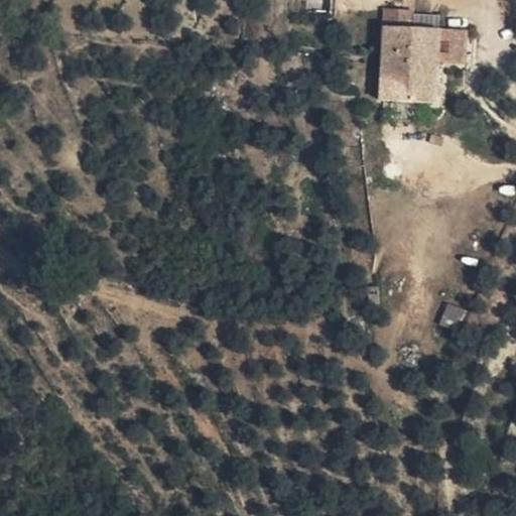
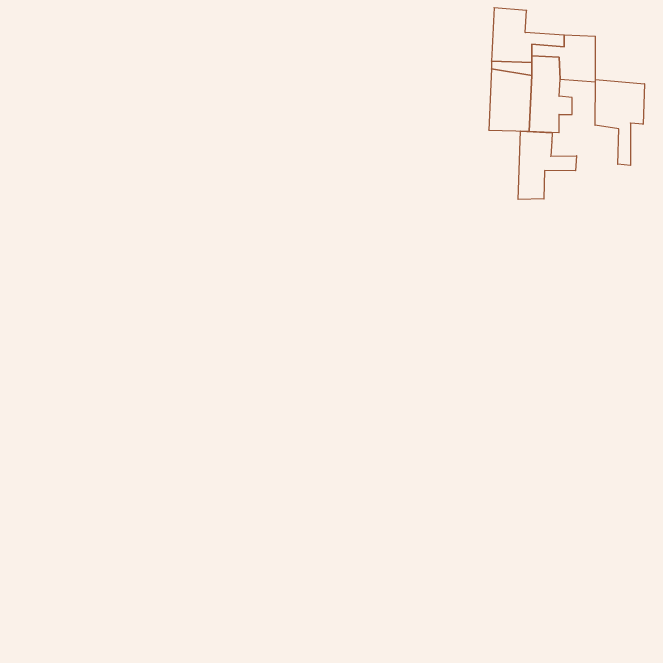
building: none -> [595,80,644,165]
building: none -> [518,131,577,199]

